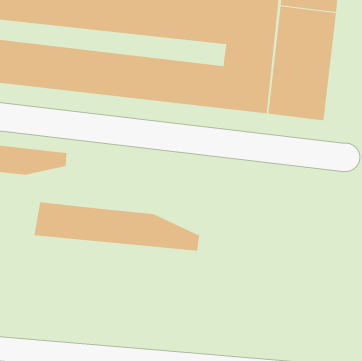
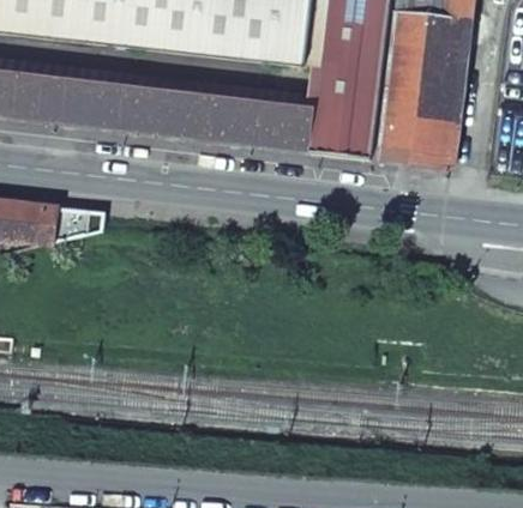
building: [34,202,200,252] -> none

